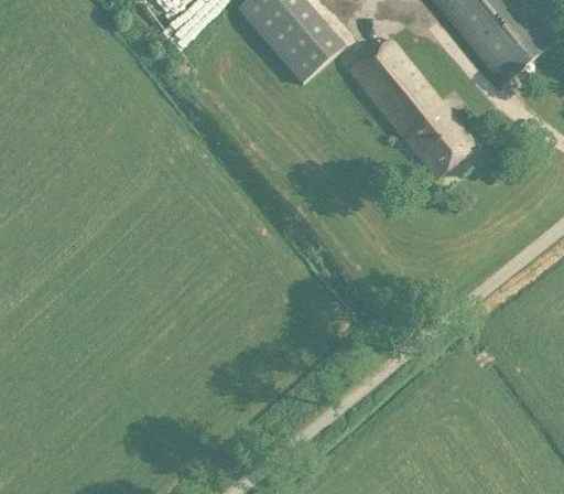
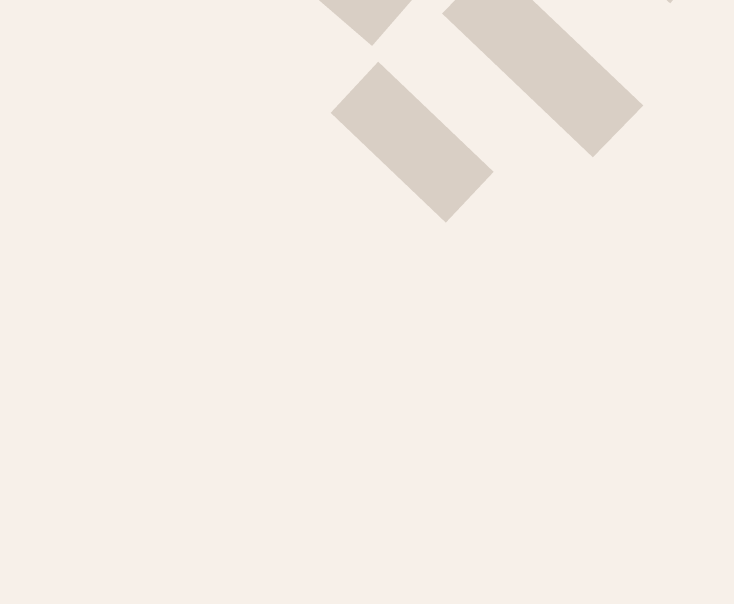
building: none -> [330,61,494,223]

